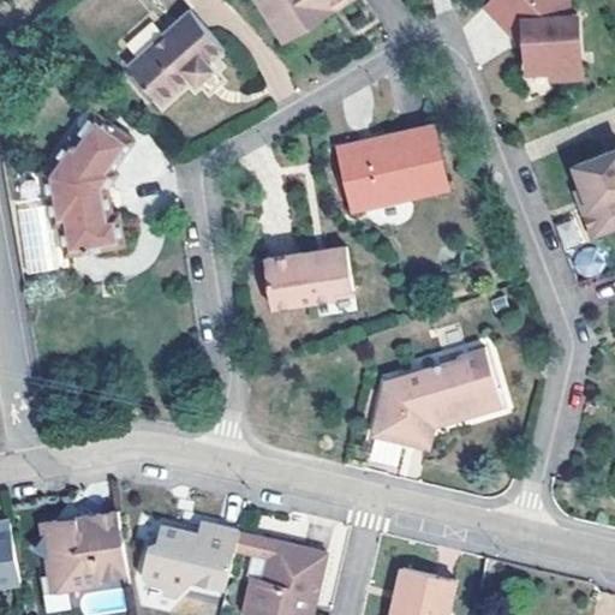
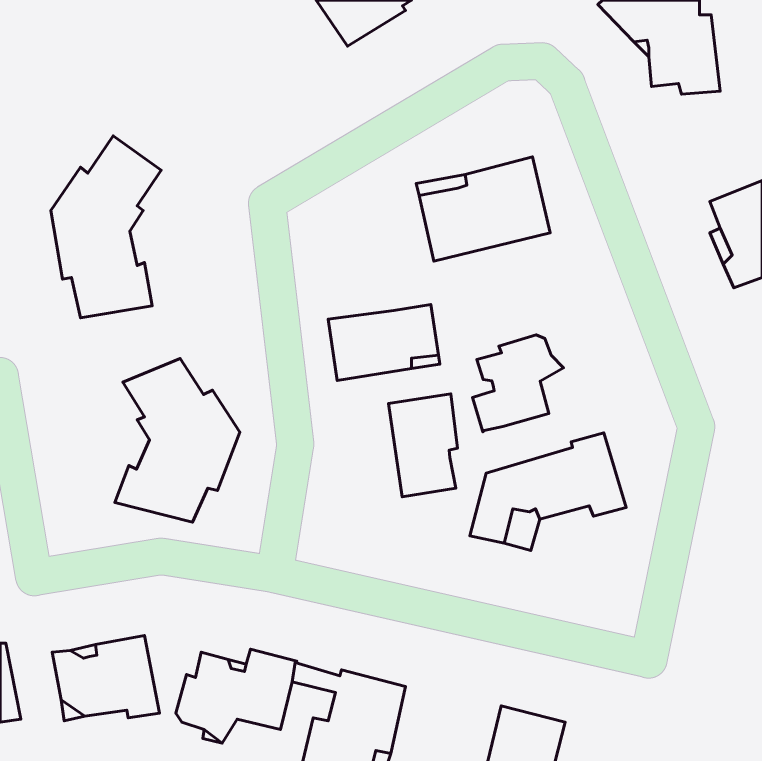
building: [124,8,217,100] -> none
building: none -> [473,335,564,432]
building: none -> [115,358,240,522]
building: none -> [389,394,457,497]

